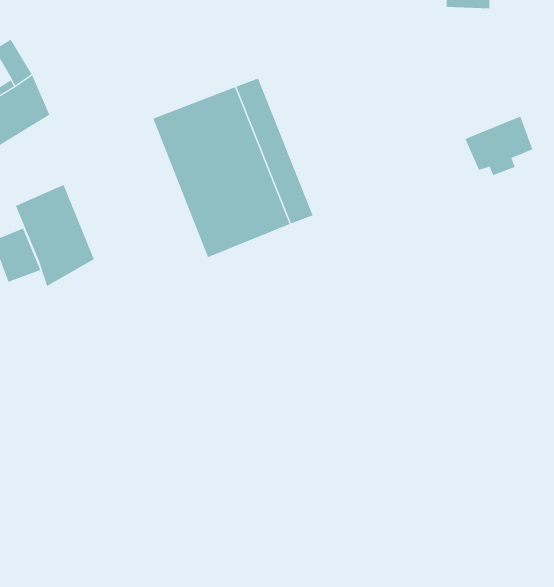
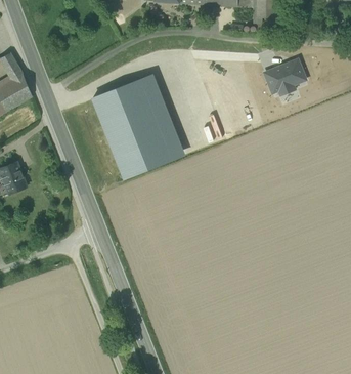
building: [464,116,533,176] -> [264,59,304,94]
building: [15,184,95,287] -> none

